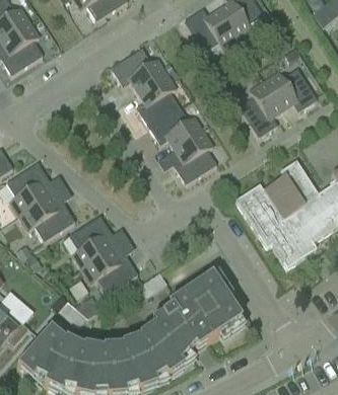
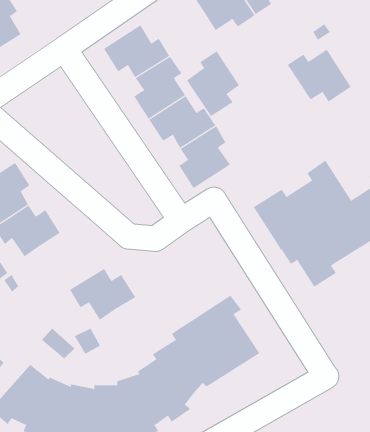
building: [239,80,283,136] -> [186,50,240,117]
building: [69,215,113,267] -> none

